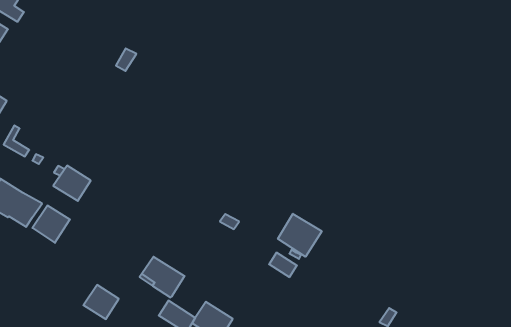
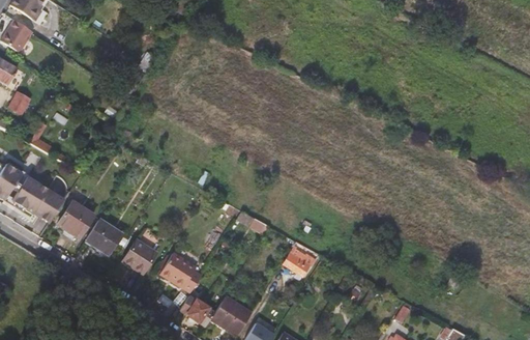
building: [53,166,91,201] -> [87,218,123,252]
building: [278,214,322,257] -> none
building: [83,285,119,319] -> [124,239,158,273]

